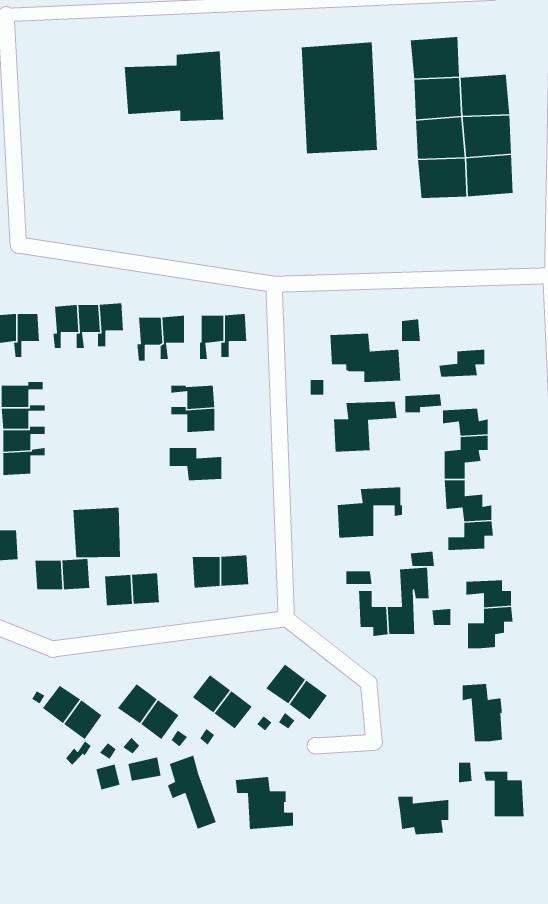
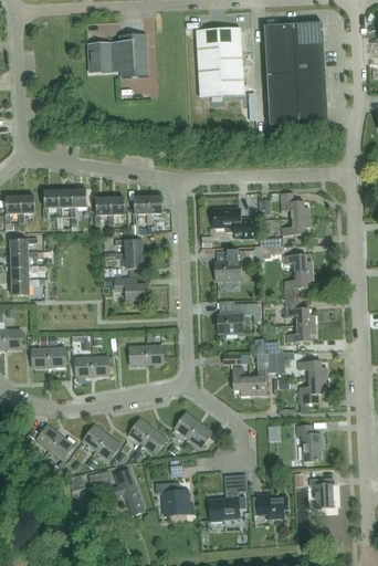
building: none -> [294,23,324,50]
building: none -> [281,192,311,219]
building: [72,507,121,558] -> none
building: none -> [210,491,240,520]

